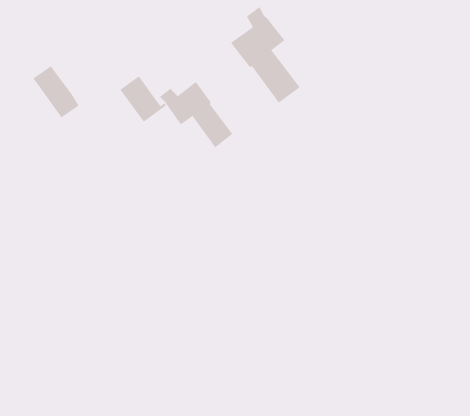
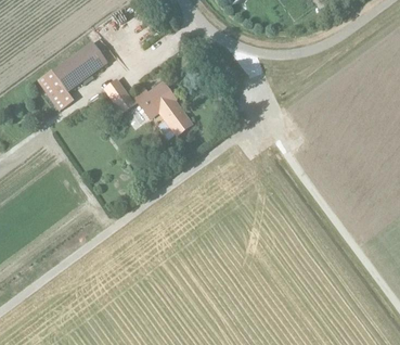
building: [230,6,301,103] -> none
building: none -> [51,41,106,91]

